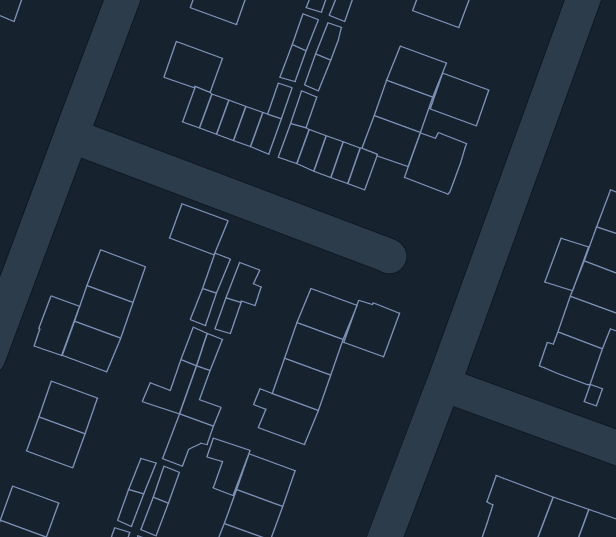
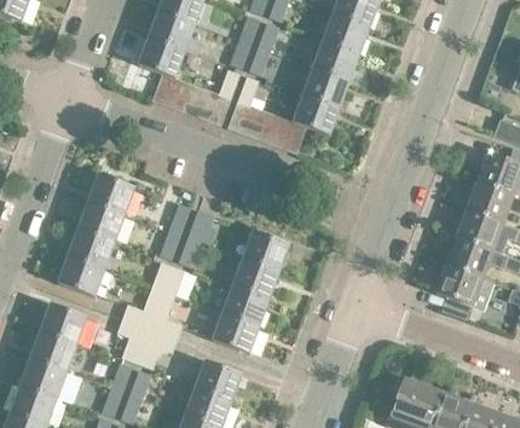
building: none -> [148,11,198,54]
building: [430,73,489,126] -> [323,13,369,54]
building: [404,133,467,194] -> none
building: [169,204,228,255] -> [88,174,134,214]
building: [545,238,589,291] -> none
building: [34,296,79,356] -> none
building: [344,300,400,357] -> none
building: [207,438,250,495] -> [116,319,150,364]
building: none -> [19,358,67,399]

